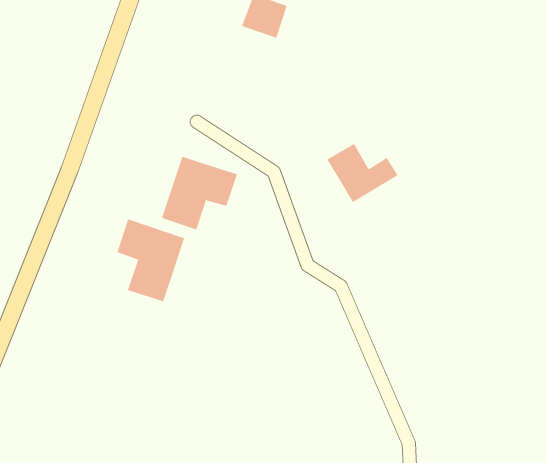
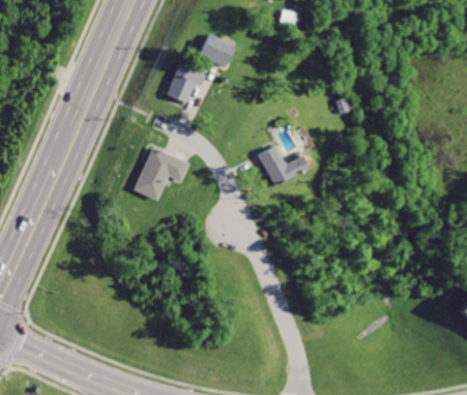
building: none -> [166,63,206,105]
building: [117,219,185,302] -> none

